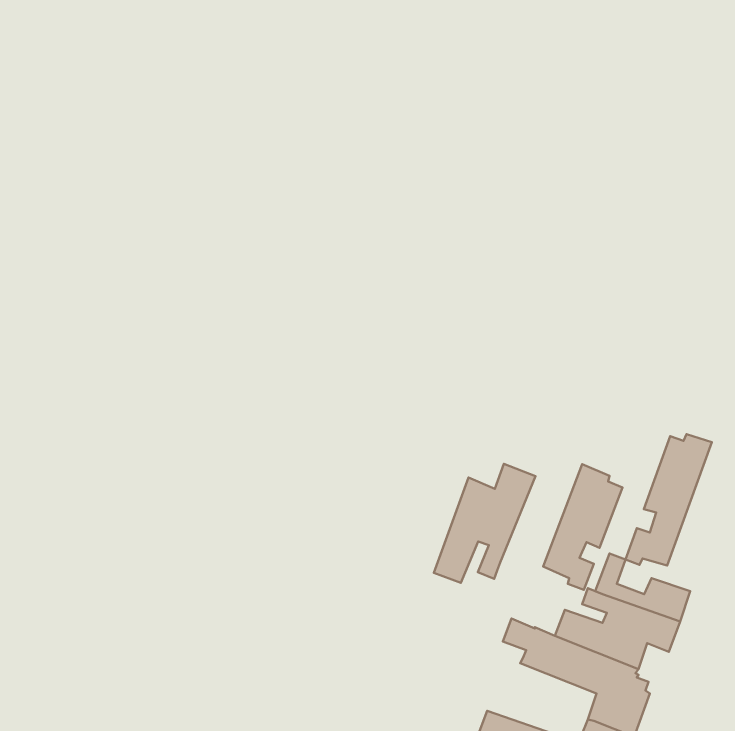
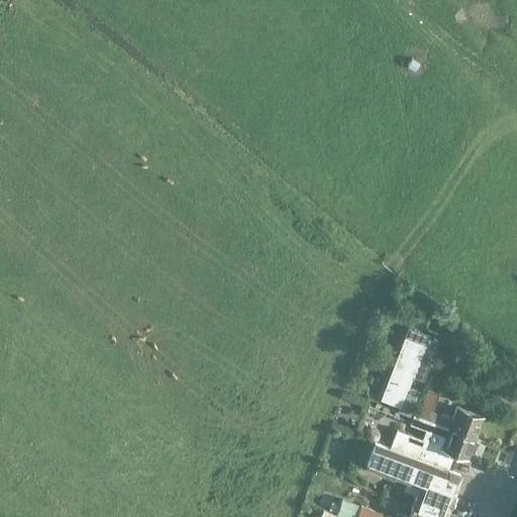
building: [625,434,712,565] -> none
building: [434,464,535,583] -> none

